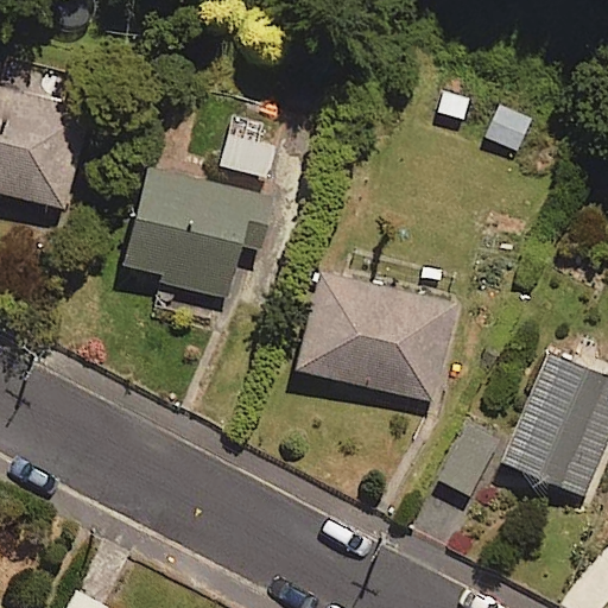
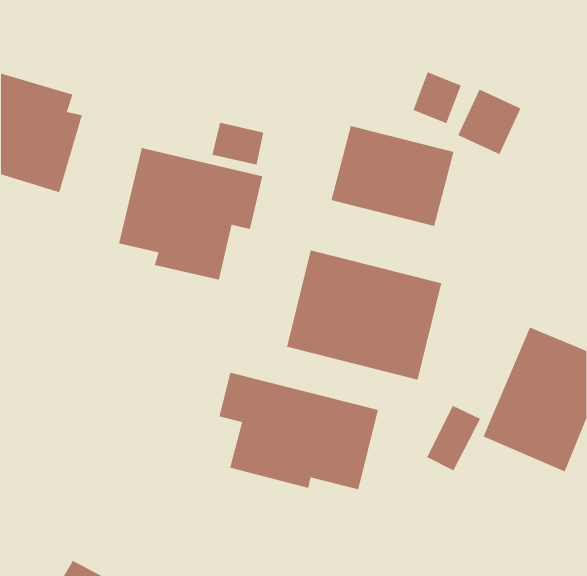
building: none -> [331,125,454,227]
building: none -> [218,372,379,490]

